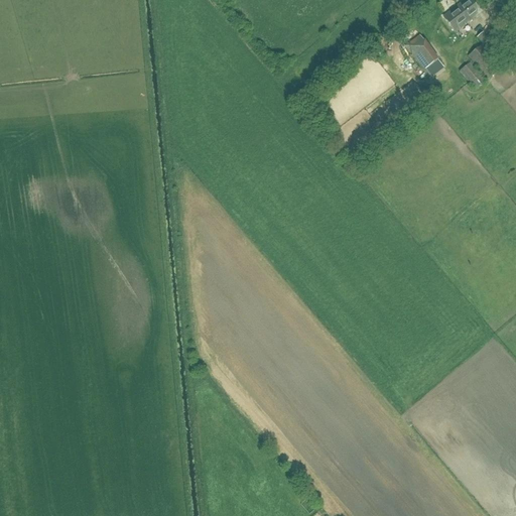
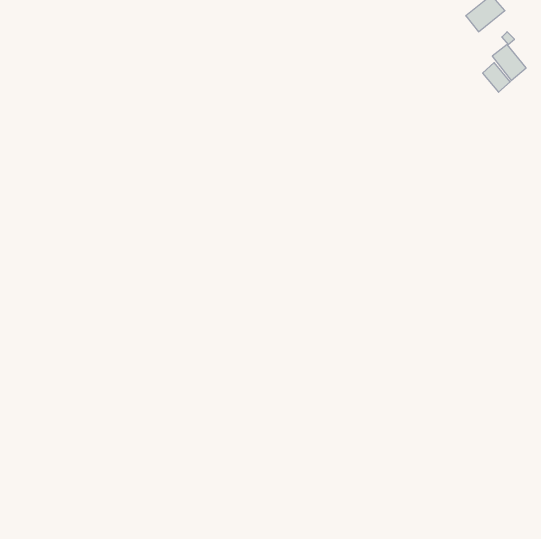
building: [405,33,444,77] -> none

